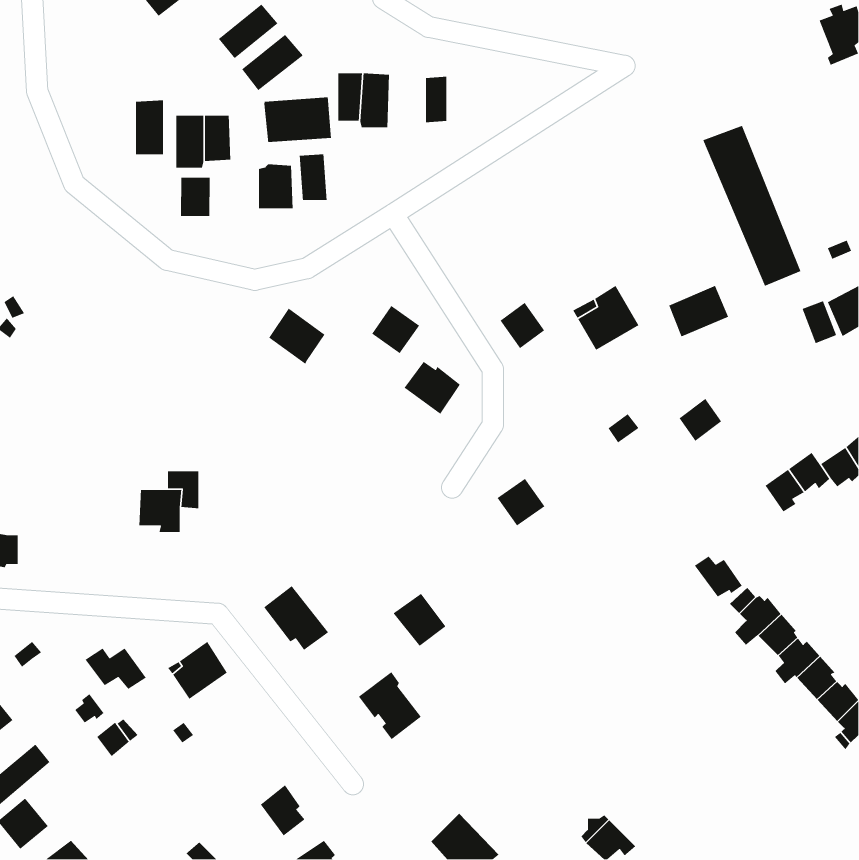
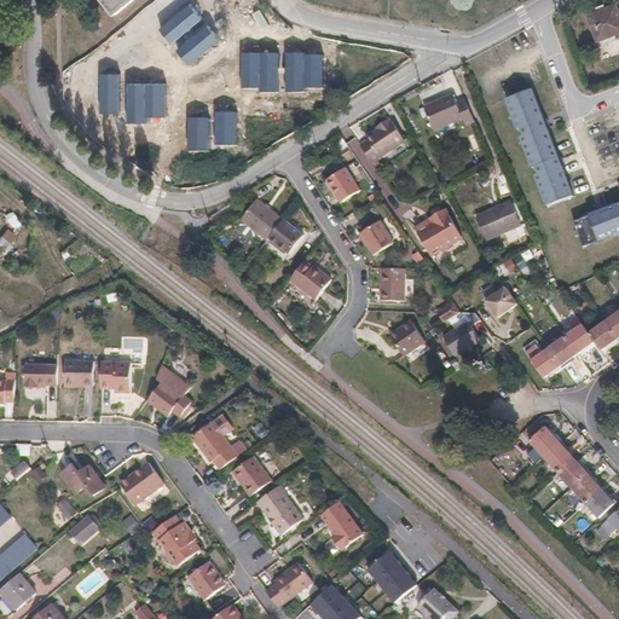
building: none -> [287,53,305,91]
building: [263,96,332,143] -> none
building: none -> [423,94,474,131]
building: none -> [357,115,400,160]
building: [180,177,211,217] -> none
building: none -> [322,164,355,199]
building: [268,308,326,365] -> [238,201,279,242]
building: none -> [378,264,404,297]
building: none -> [441,316,480,352]
building: [496,478,545,527] -> [387,318,422,353]
building: none -> [63,359,93,383]
building: none -> [145,363,190,412]
building: none -> [22,365,56,388]
building: [694,555,743,598] -> [526,346,561,376]
building: [393,593,447,647] -> [231,453,270,492]
building: none -> [319,502,363,551]
building: none -> [151,513,198,562]
building: none -> [366,550,416,602]
building: none -> [265,563,311,607]

